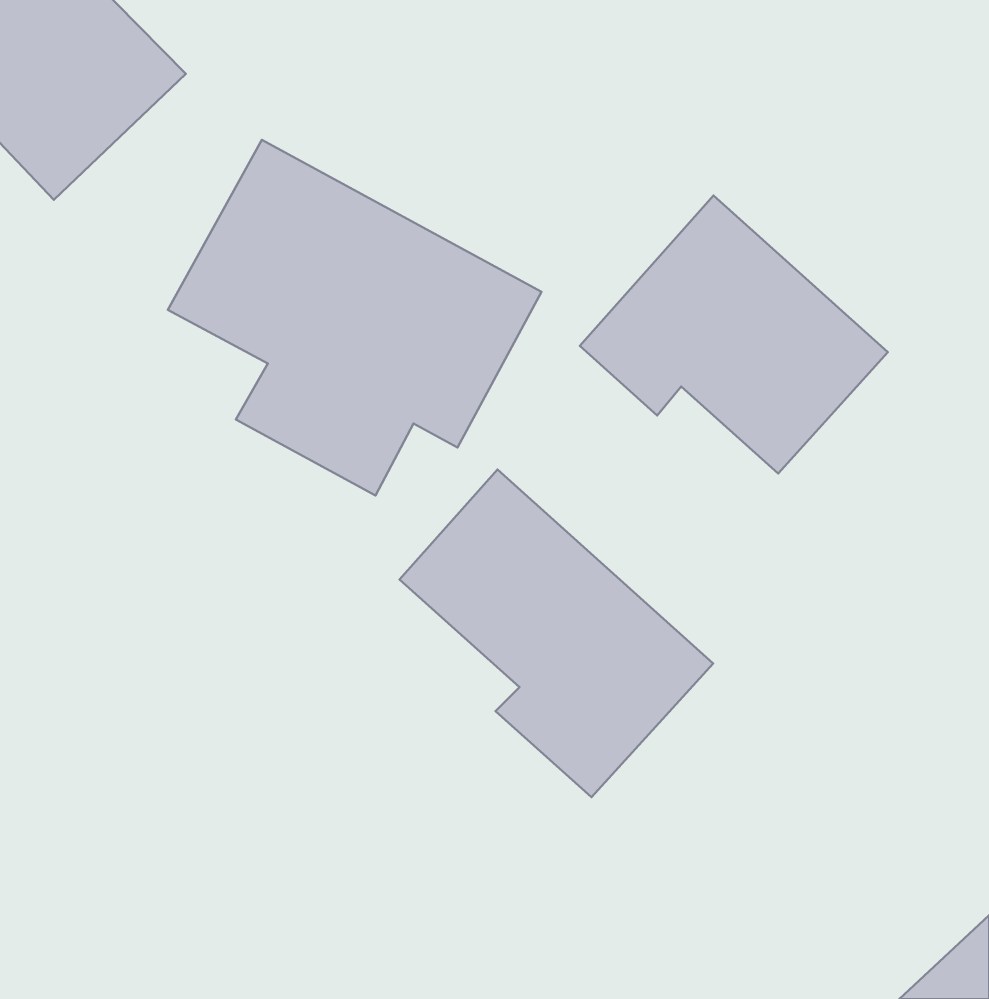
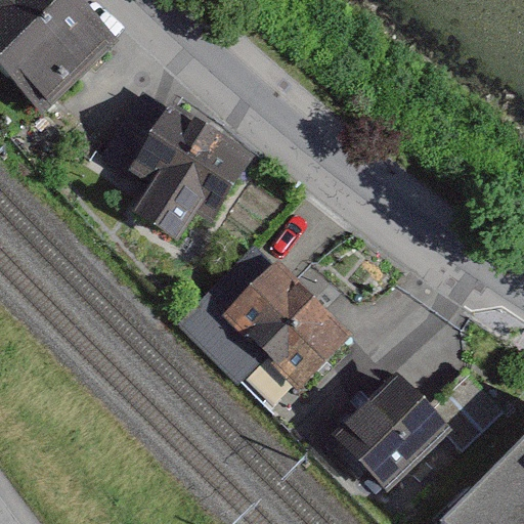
building: [580,196,888,473] -> none
building: none -> [337,370,493,503]

